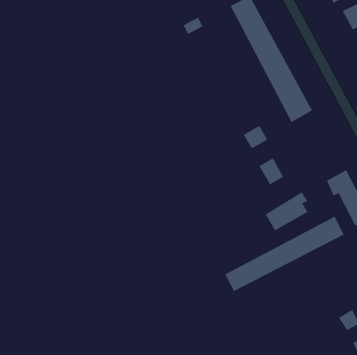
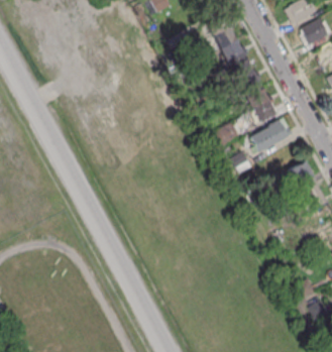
building: [265,192,308,231] -> [250,119,287,152]
building: [224,216,344,292] -> none

